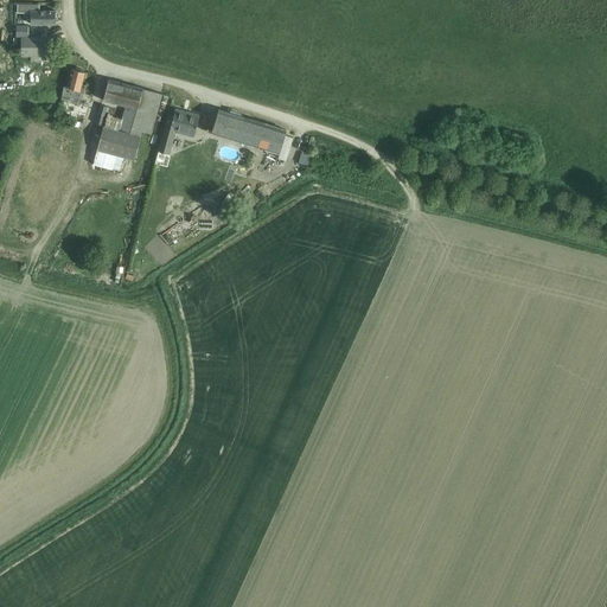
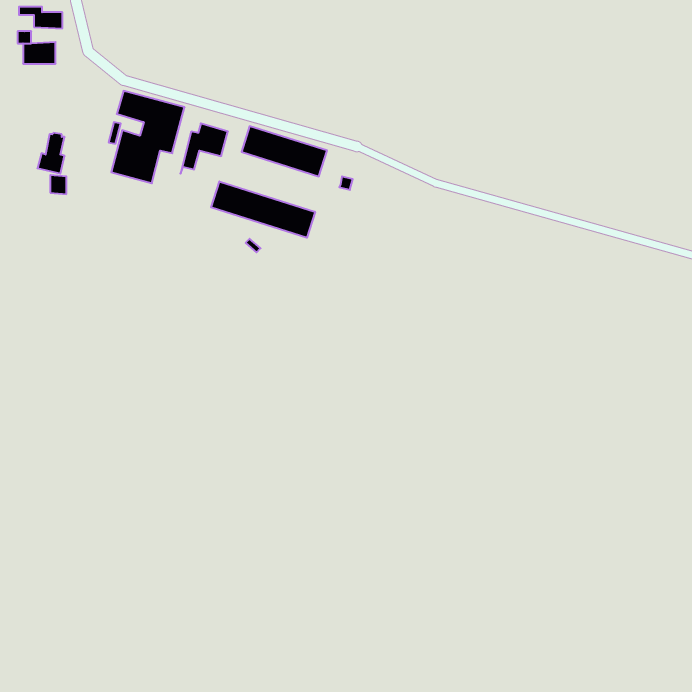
building: [59,69,83,104] -> [37,133,65,174]
building: none -> [211,181,315,238]

